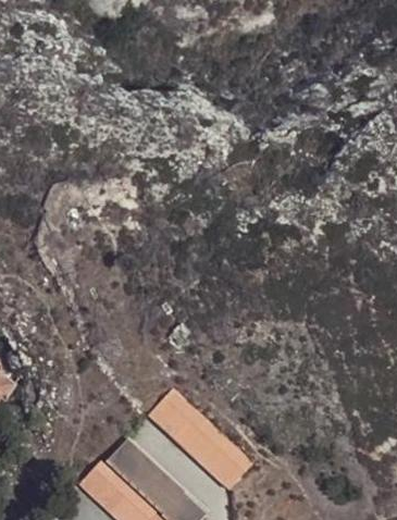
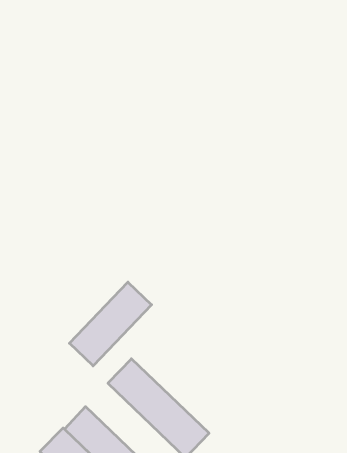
building: none -> [69,282,152,366]

